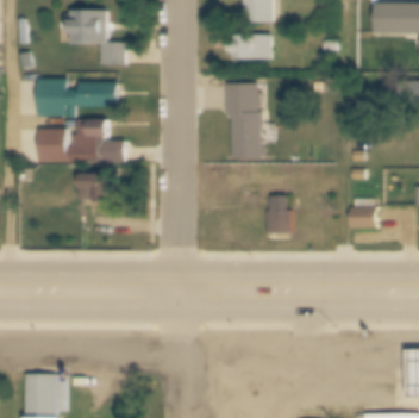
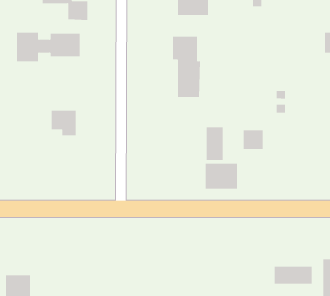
building: [38,118,123,164] -> none
building: [351,205,376,229] -> [243,130,263,149]
building: none -> [205,163,238,190]
building: none -> [274,266,312,284]

